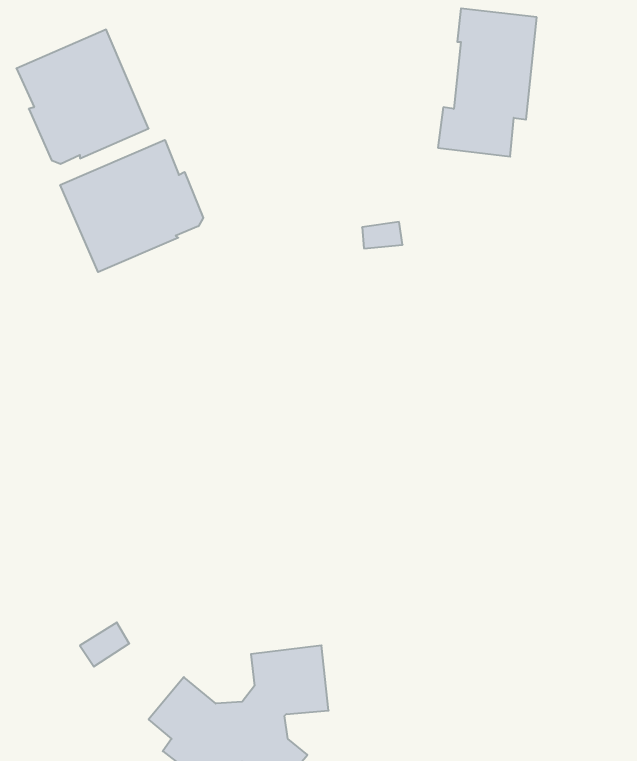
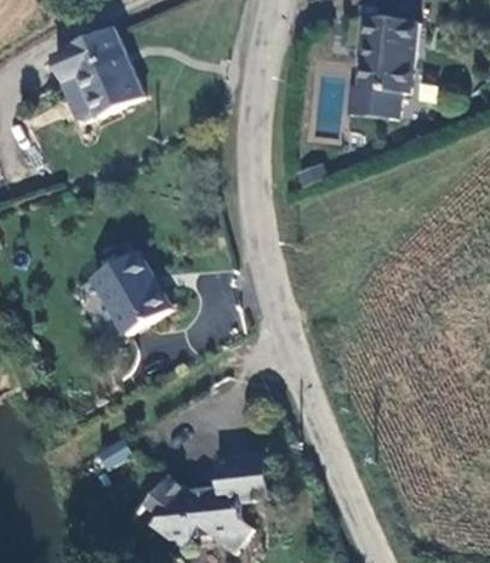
building: [60,140,203,272] -> none
building: none -> [95,254,169,332]

